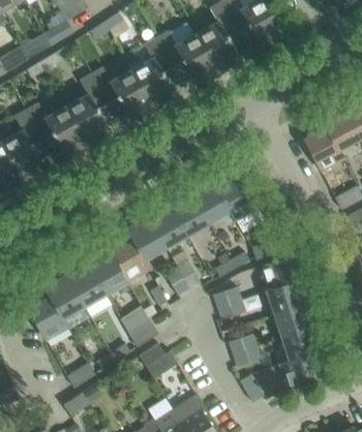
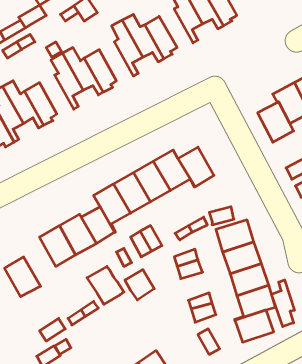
building: [197,25,234,67] -> none
building: [131,61,169,103] -> none
building: [66,97,103,140] -> none
building: [43,274,84,328] -> none
building: none -> [272,280,294,327]
building: [140,345,172,378] -> [125,270,154,300]

